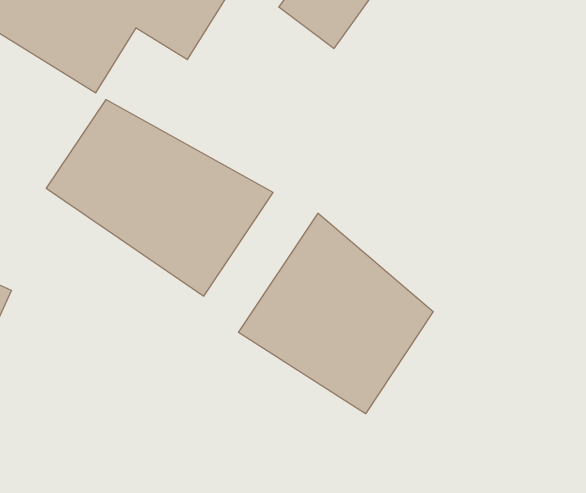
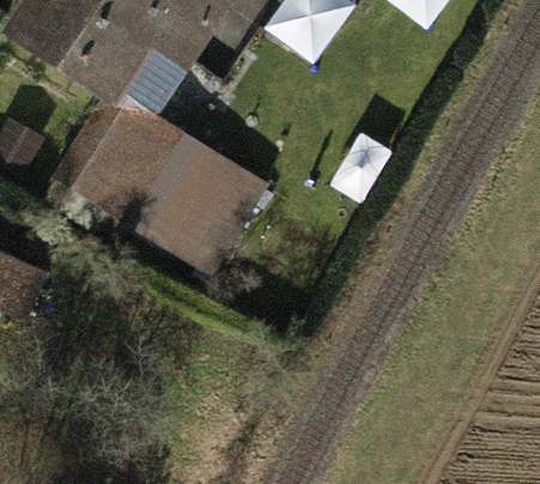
building: [239,213,433,414] -> none

